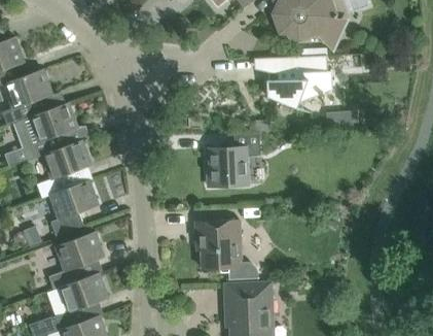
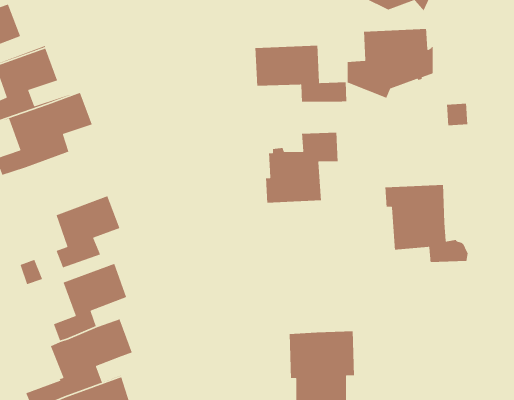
building: none -> [254,45,347,103]
building: [29,140,92,198] -> none
building: [195,220,258,278] -> [384,184,469,263]

